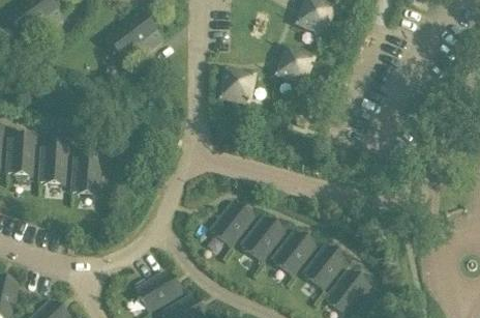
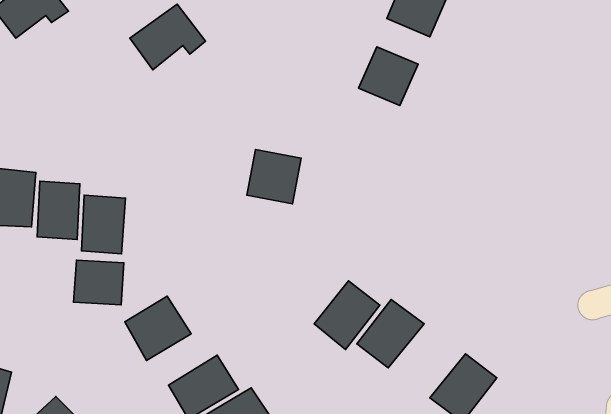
building: [217,65,257,105] -> [247,150,301,204]
building: [209,198,258,249] -> none
building: none -> [73,260,124,305]
building: none -> [125,296,191,360]
building: [302,241,350,291] -> none

